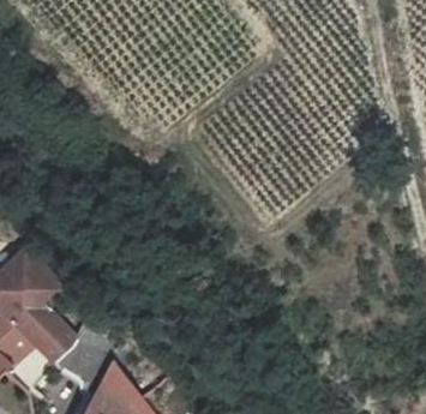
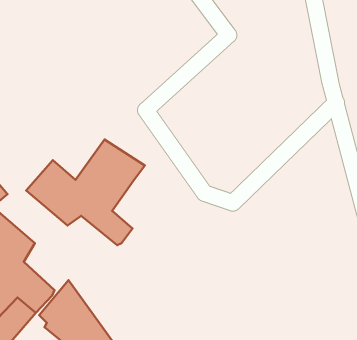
building: none -> [26,139,145,245]

